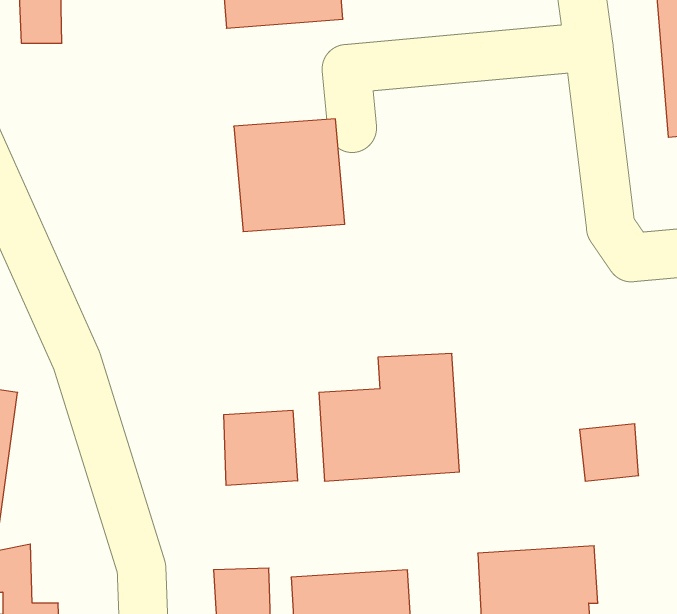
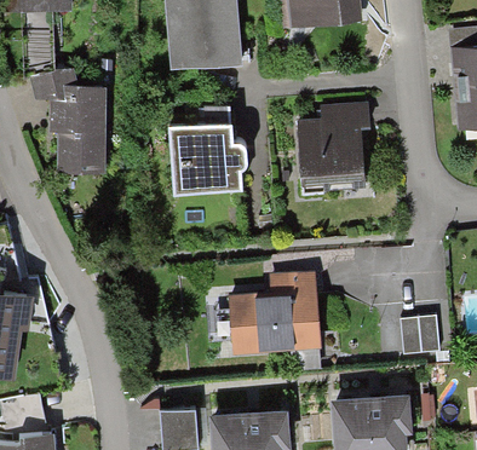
building: none -> [33,68,114,163]
building: none -> [299,102,373,189]
building: [224,410,298,485] -> none

